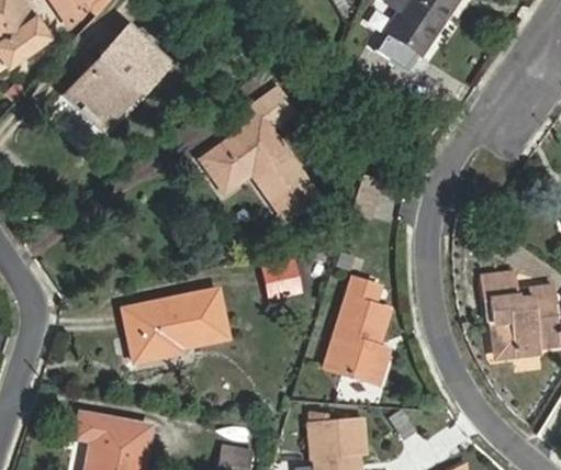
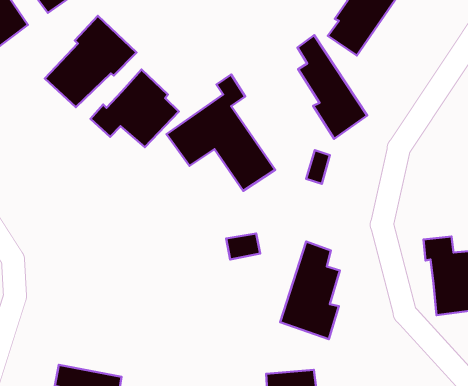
building: none -> [298,35,367,139]
building: none -> [90,69,179,147]
building: [122,289,227,361] -> none

